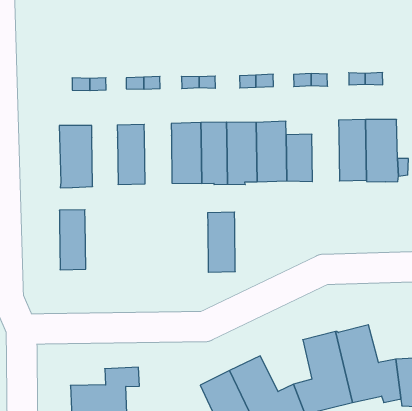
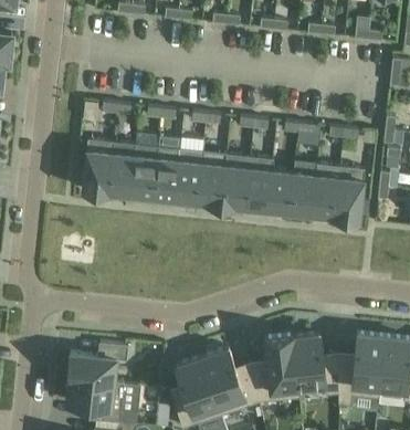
building: none -> [288,172,315,213]
building: [59,210,86,270] -> [108,143,135,193]
building: [208,212,235,272] -> [151,147,179,198]

